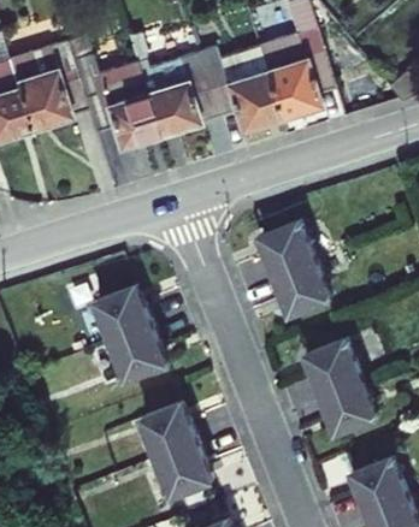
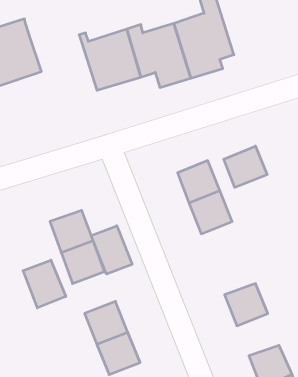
building: [70,54,157,146] -> none
building: none -> [224,146,267,187]
building: none -> [91,226,132,274]
building: [306,341,360,395] -> none
building: none -> [23,260,66,308]

